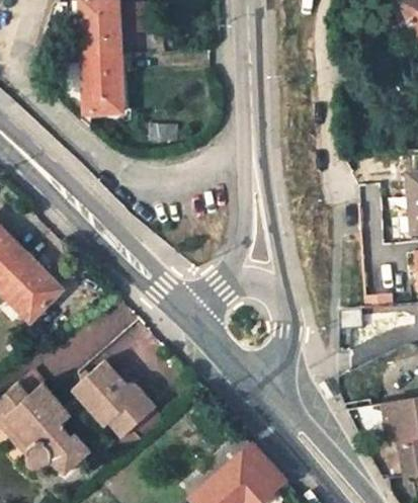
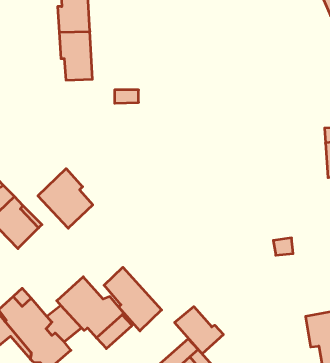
building: none -> [38,169,93,228]
building: none -> [104,267,162,331]
building: none -> [175,307,223,354]

